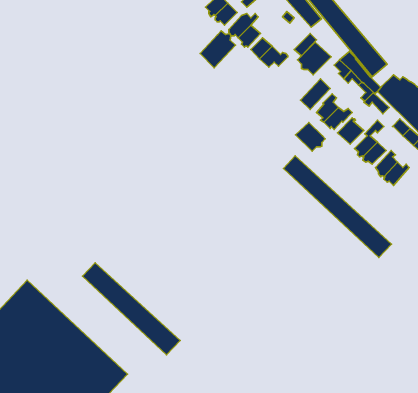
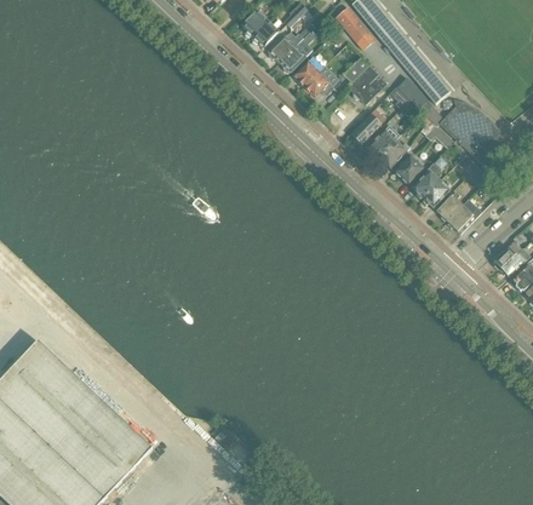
building: [200,31,235,68] -> none
building: [296,123,325,151] -> none
building: [283,156,392,258] -> none
building: [83,263,180,355] -> none

